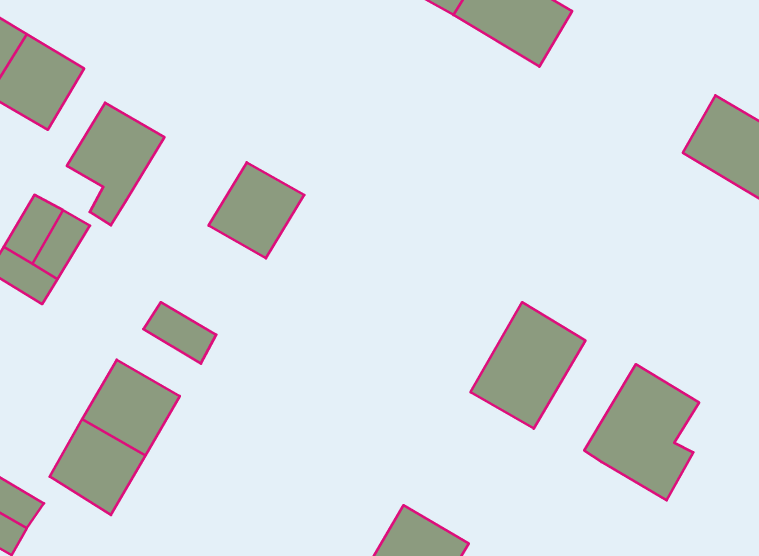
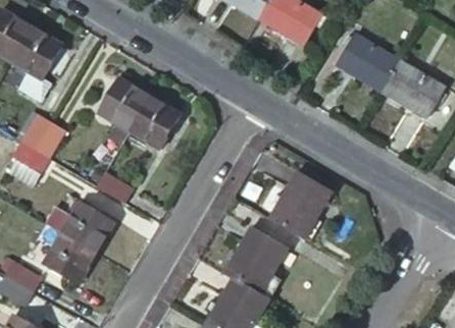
building: none -> [339,35,400,91]
building: [67,103,164,225] -> [98,77,150,143]
building: [584,364,699,500] -> [224,226,286,298]

